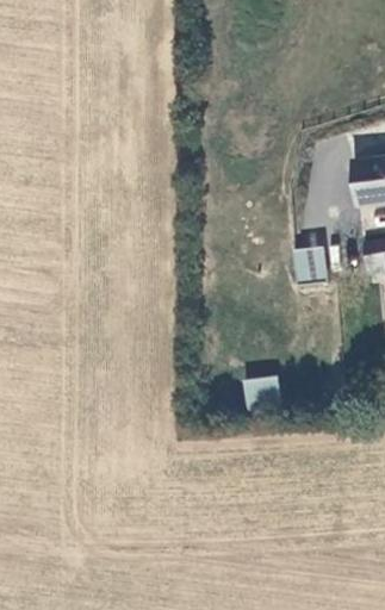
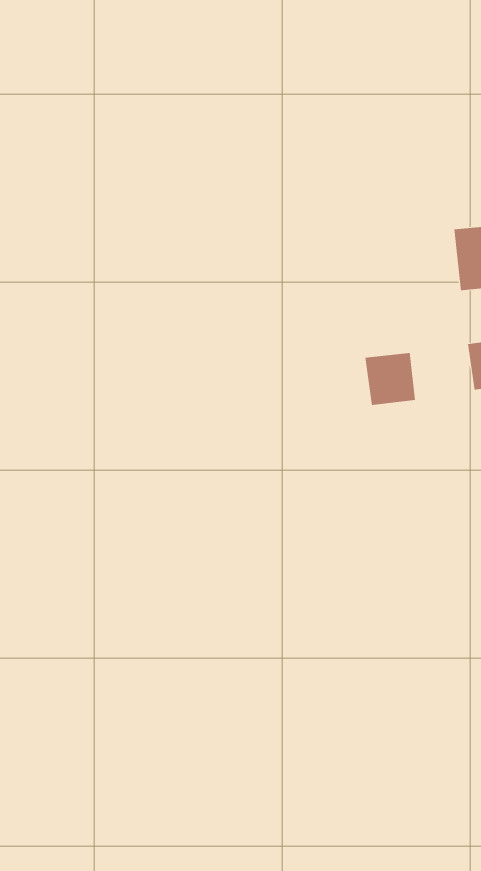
building: [243,375,285,413] -> none

